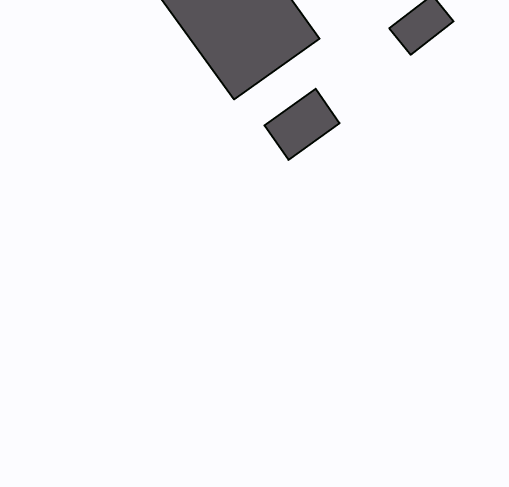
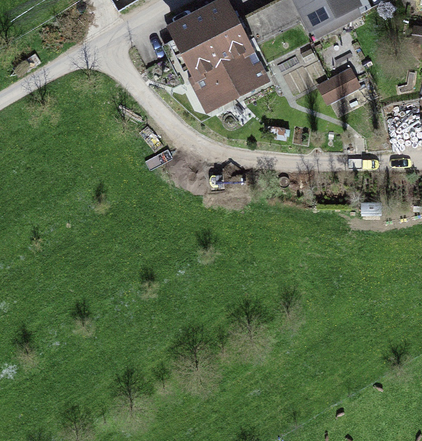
building: [264,89,340,160] -> none

